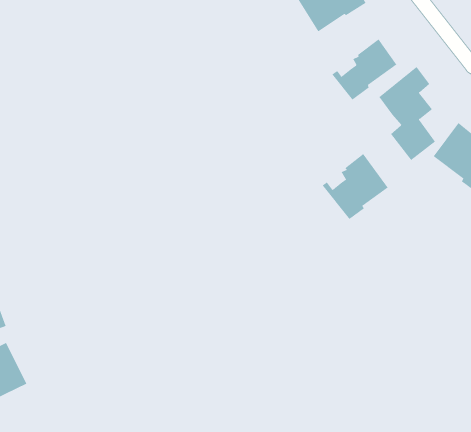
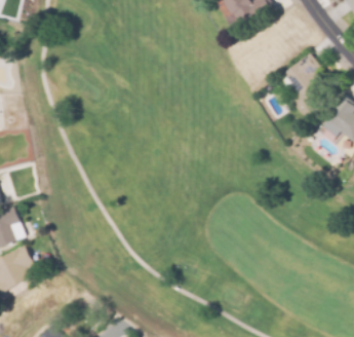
building: [331,38,397,101] -> none
building: [322,153,388,220] -> none

